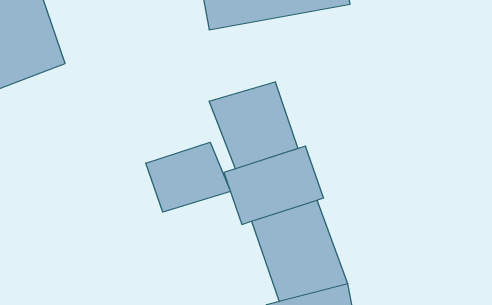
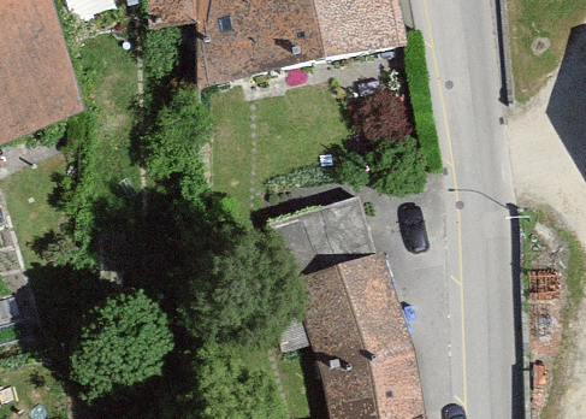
building: [209,82,298,169] -> none
building: [146,142,231,212] -> none

